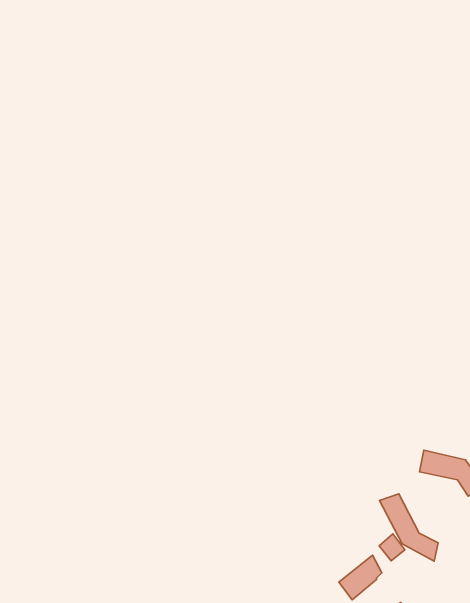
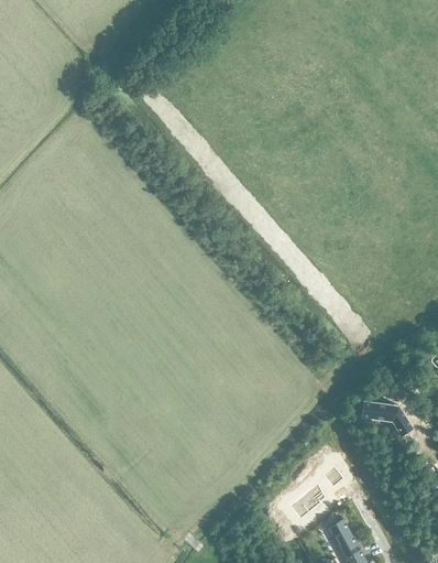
building: [379,494,438,561] -> none

